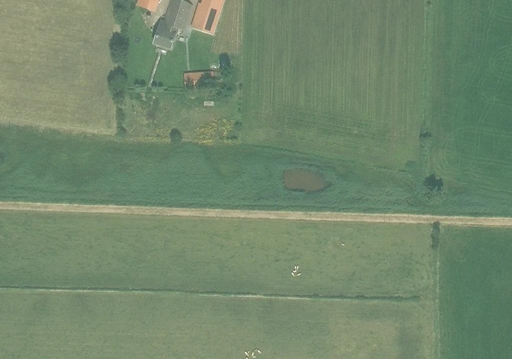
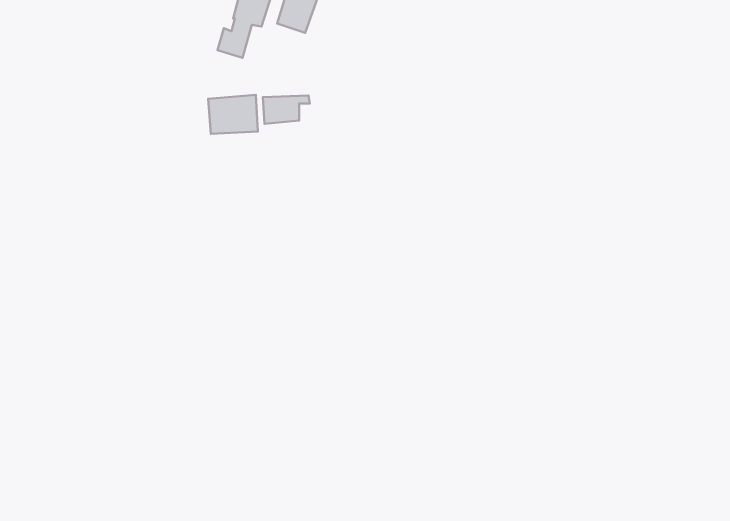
building: none -> [208,95,258,134]

